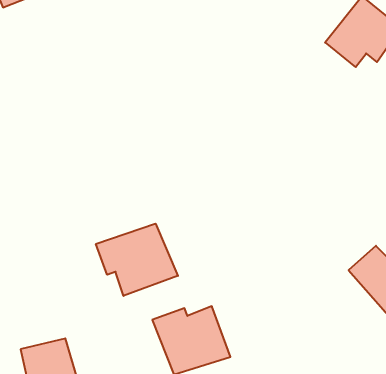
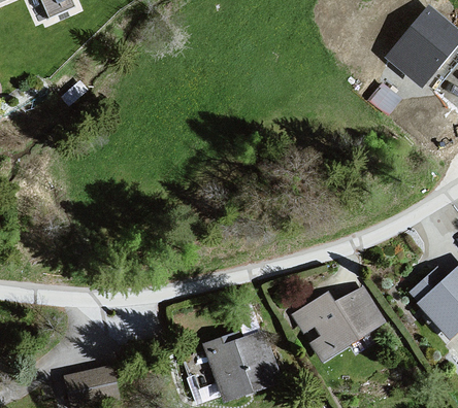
building: [96,224,178,296] -> none
building: none -> [288,287,390,367]

